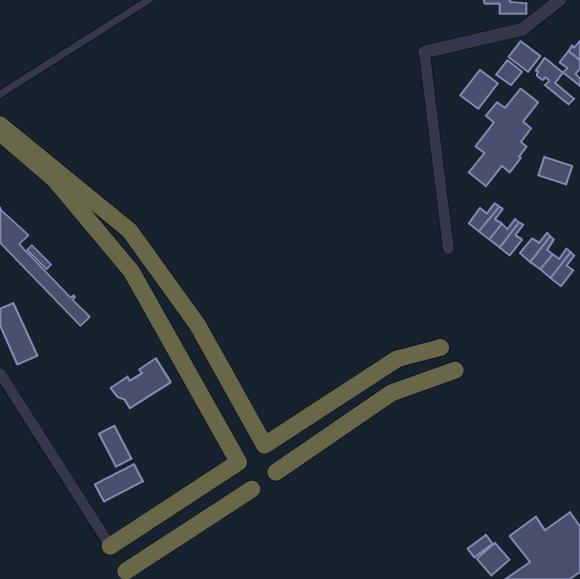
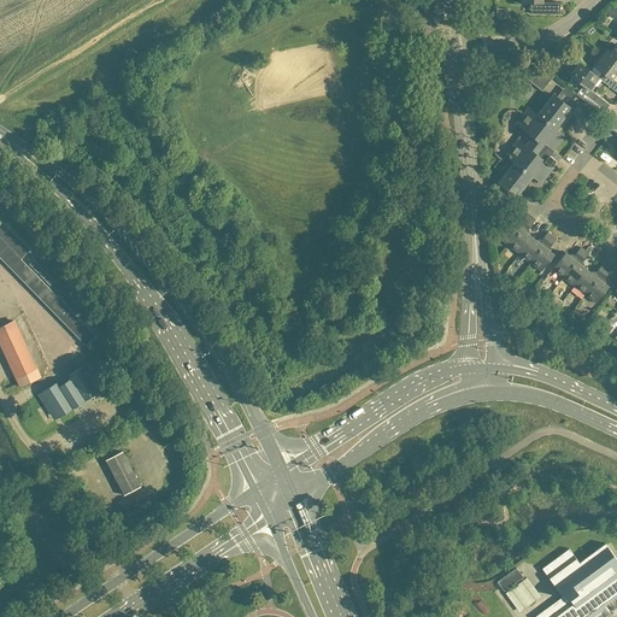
building: [509,41,540,72] -> none
building: [460,70,498,109] -> none
building: [538,157,572,185] -> none
building: [111,358,171,408] -> [37,364,101,417]
building: [95,464,143,502] -> none

